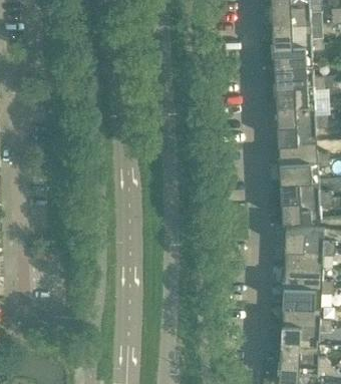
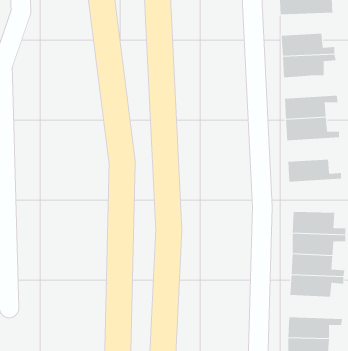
building: [272,43,322,64] -> none
building: [275,101,325,122] -> none
building: [278,158,328,180] -> none
building: [280,197,329,220] -> none
building: [280,304,330,326] -> none

